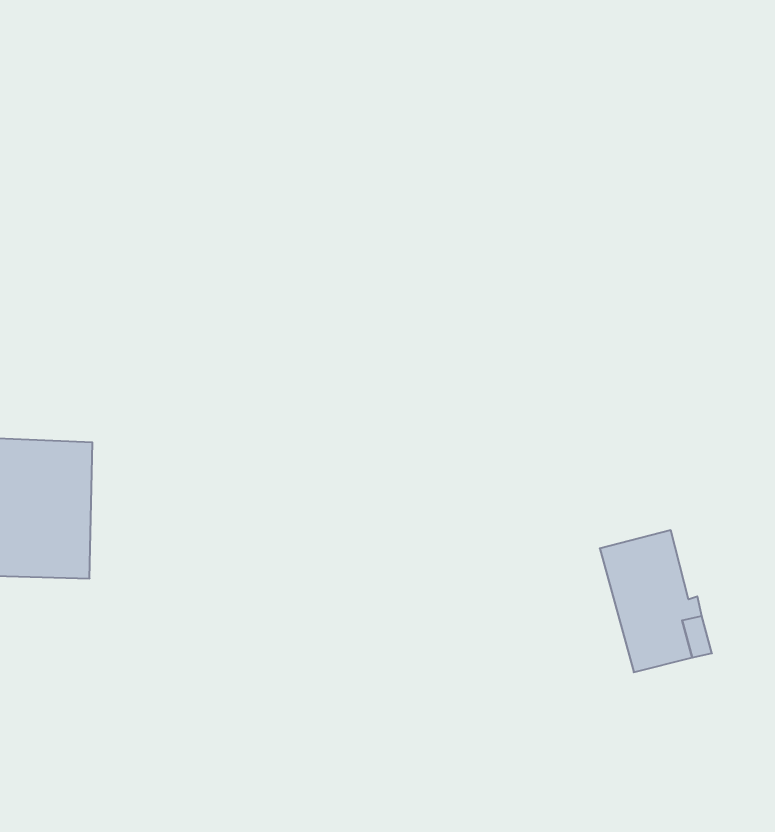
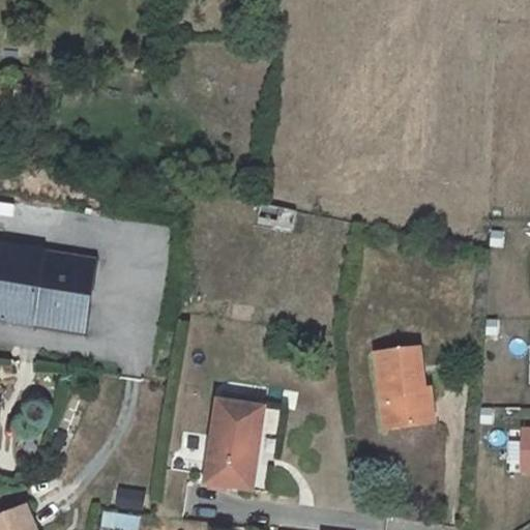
building: none -> [206,400,263,488]

